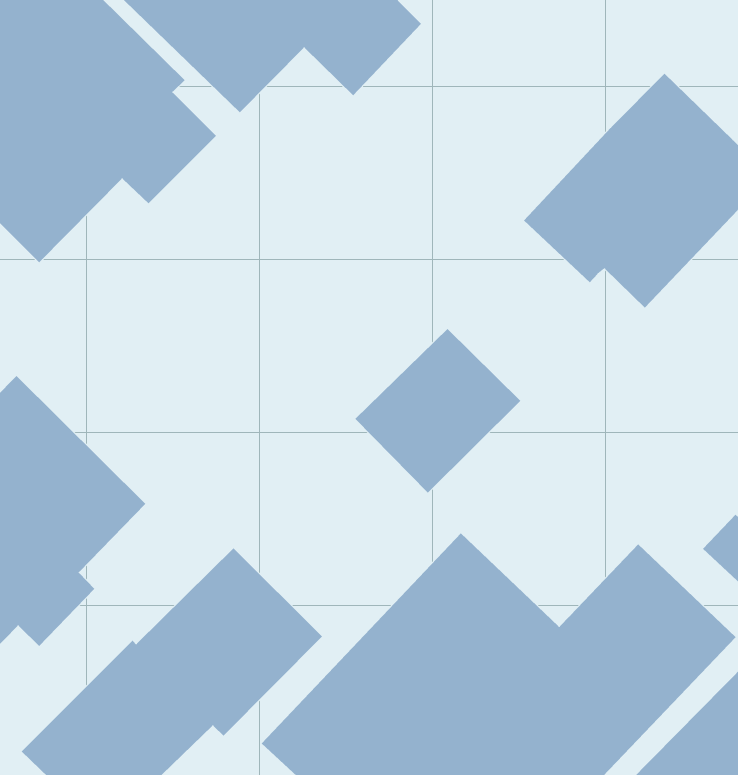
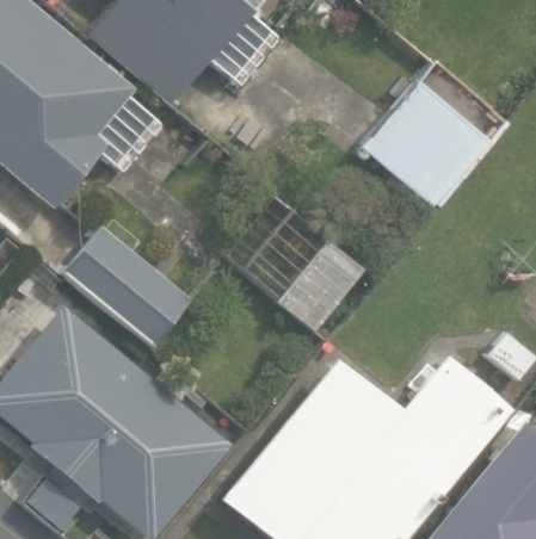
building: none -> [63,173,196,347]

